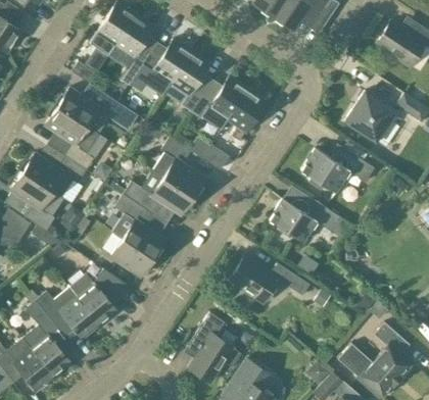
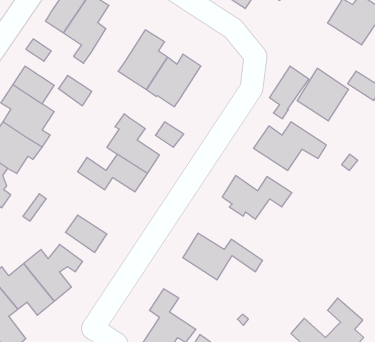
building: [136,40,191,84] -> none
building: [227,89,267,142] -> [269,66,309,119]
building: [112,195,164,258] -> none

